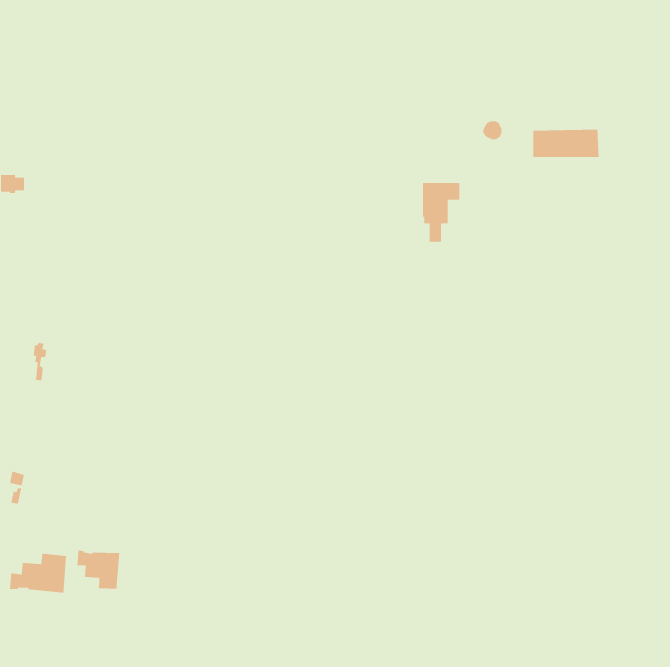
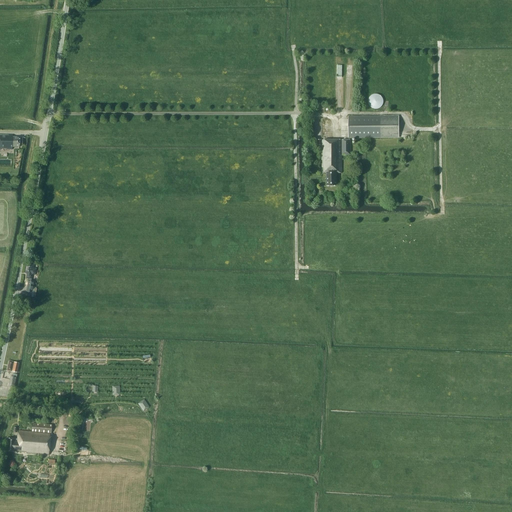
building: [532,129,599,158] -> [348,114,399,136]
building: [77,550,120,589] -> none

